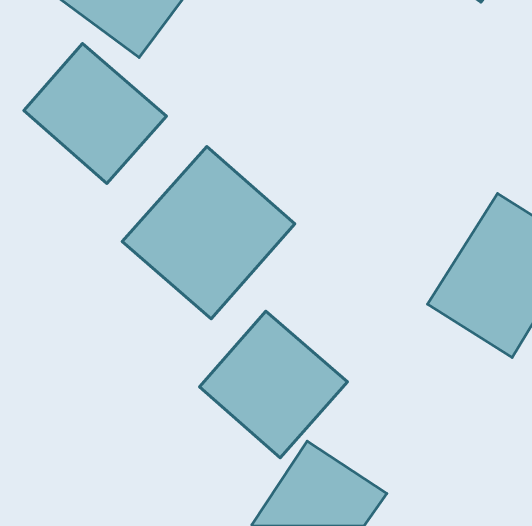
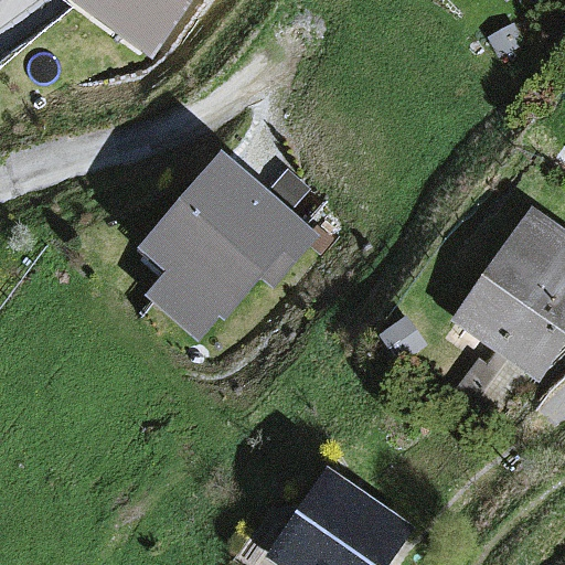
building: [24,43,166,183] -> none
building: [199,311,347,458] -> none

